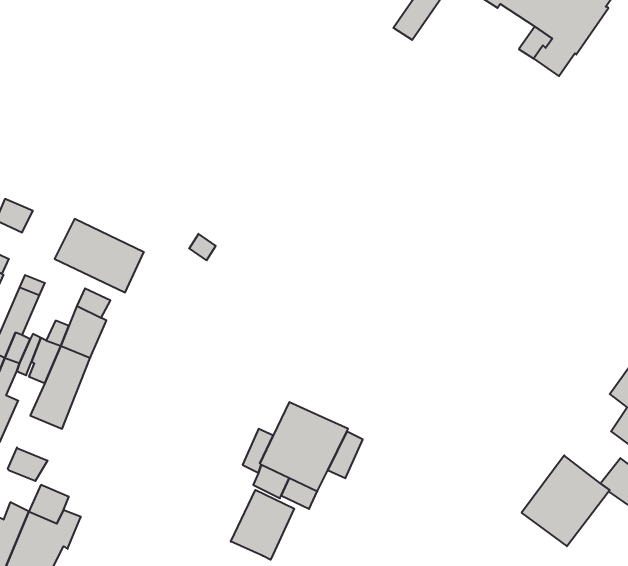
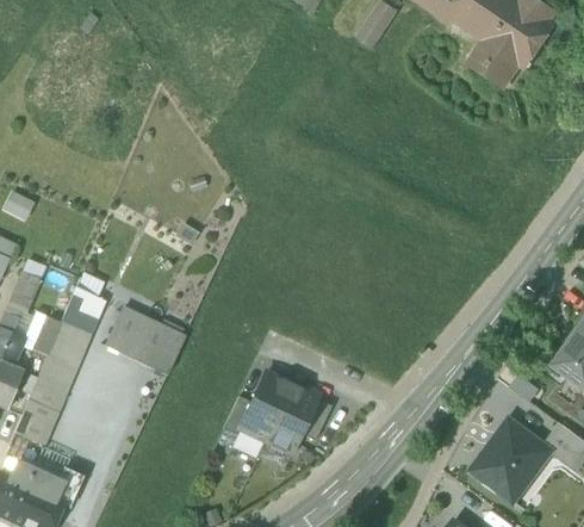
building: [55,219,144,292] -> [104,309,184,374]
building: none -> [21,384,62,424]
building: [231,490,294,560] -> none

